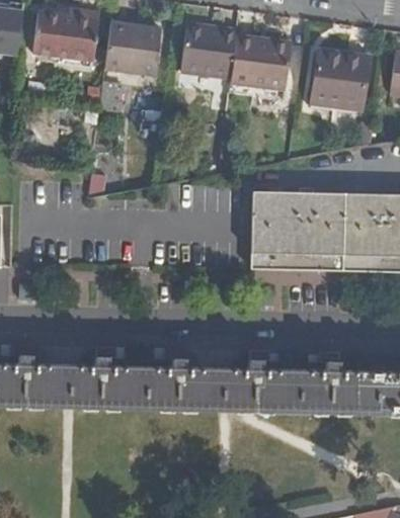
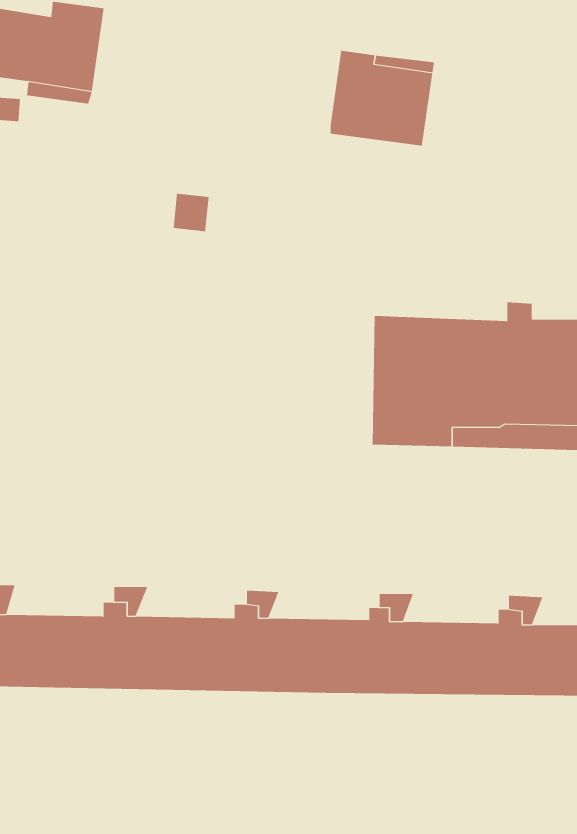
building: [103,24,161,77] -> none
building: [181,27,236,81] -> none
building: [312,54,369,110] -> none

